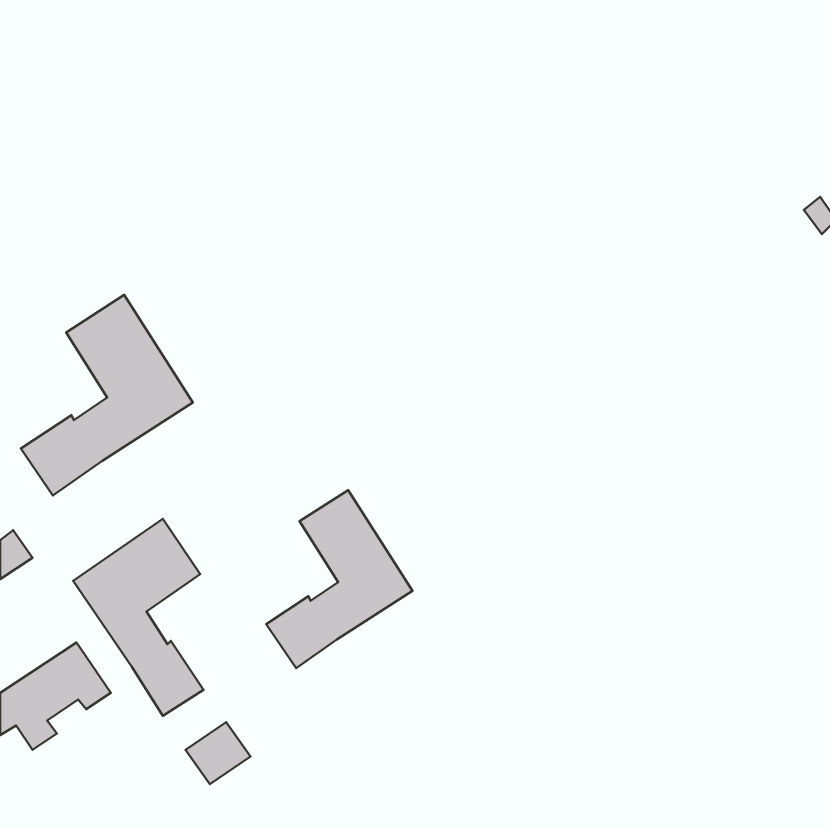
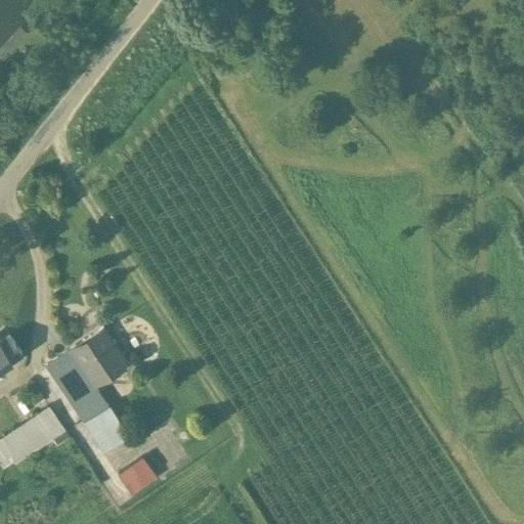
building: [21,295,193,495] -> none
building: [266,490,413,668] -> none

